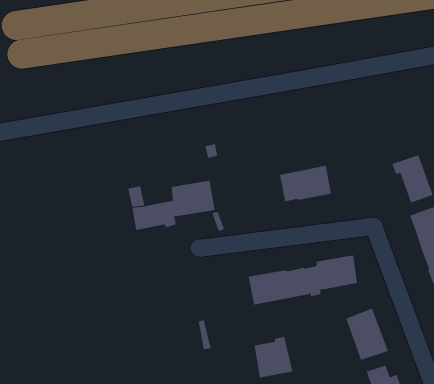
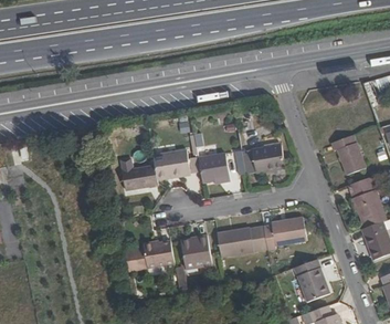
building: none -> [194,154,228,184]
building: none -> [122,239,171,270]
building: [254,336,293,378] -> [177,232,209,266]

